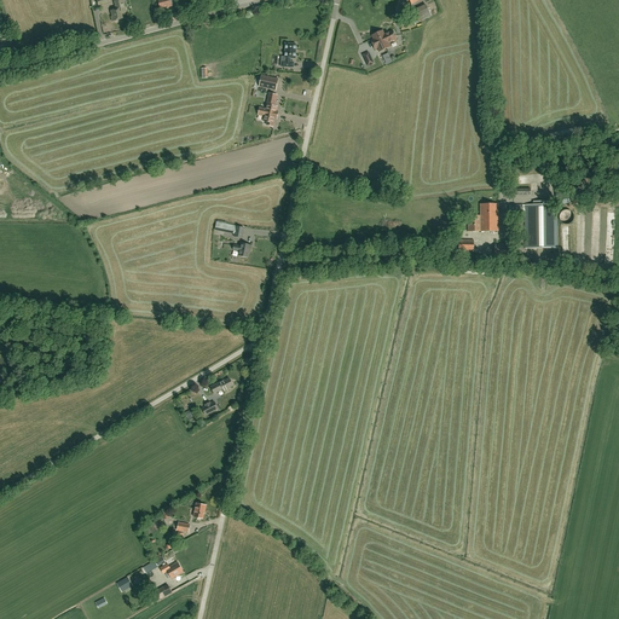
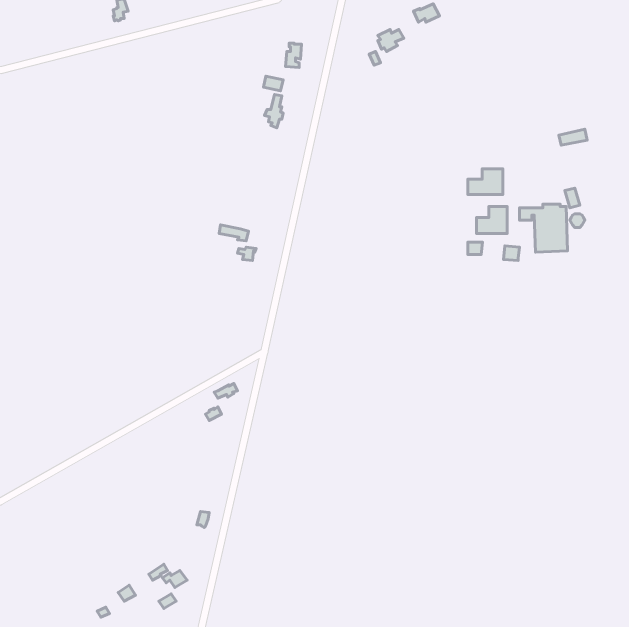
building: none -> [468,169,503,195]

